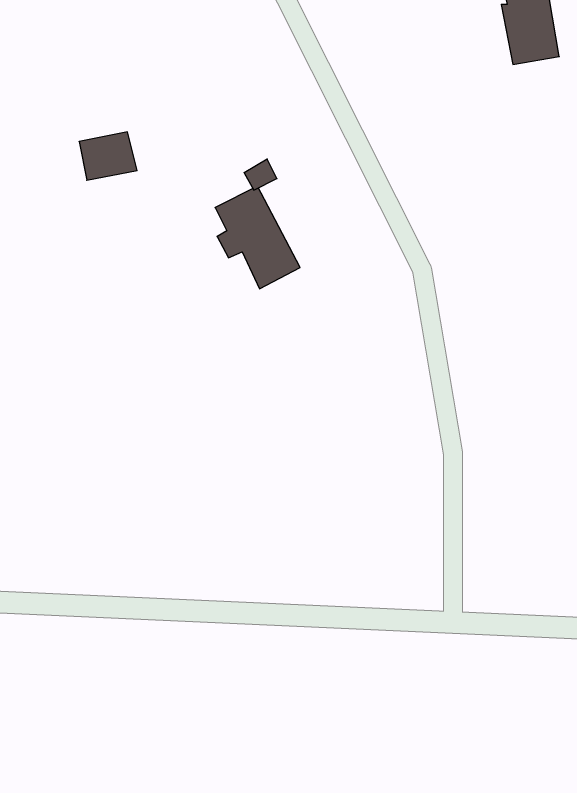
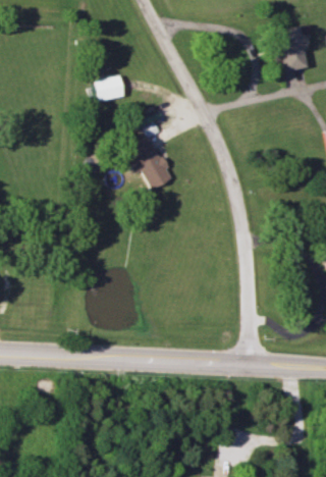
building: [79,132,137,180] -> [94,75,124,101]

